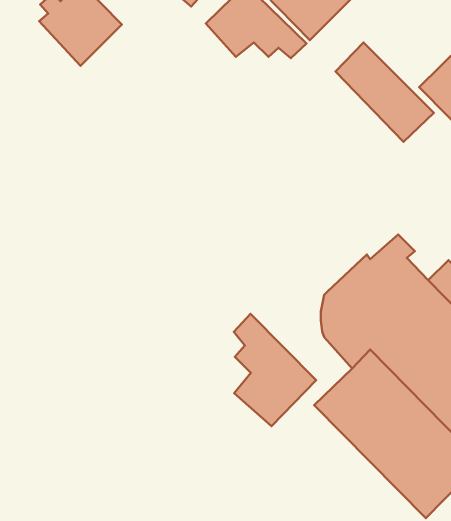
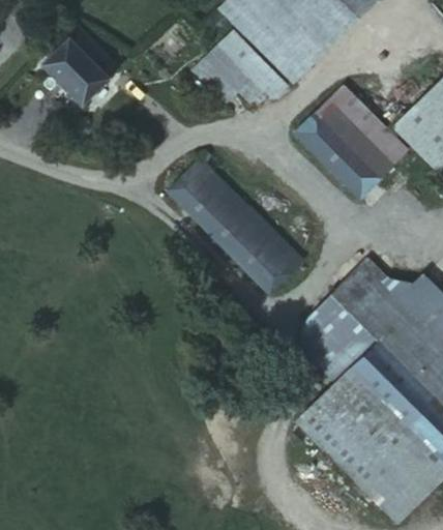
building: none -> [297,111,380,196]
building: none -> [169,158,301,293]
building: [234,314,316,426] -> none

